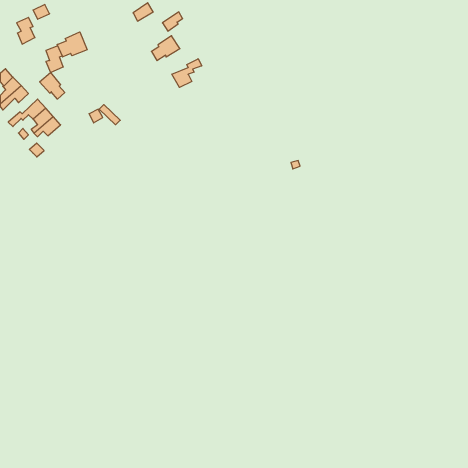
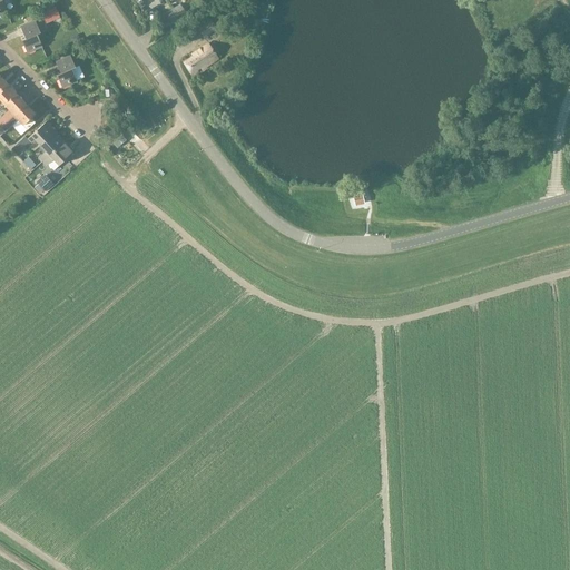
building: [57,32,87,57] -> none
building: [172,59,202,87] -> none
building: [40,72,65,99] -> none

